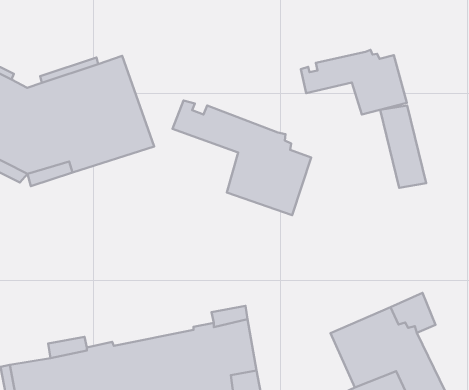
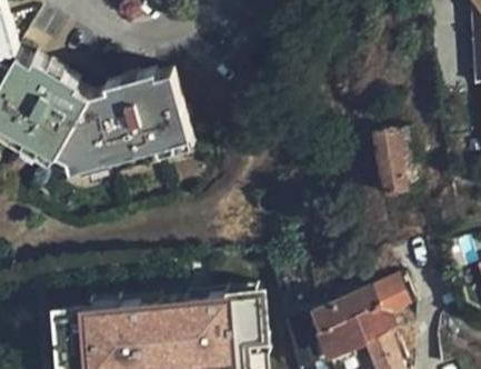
building: [301,50,407,115] -> none
building: [173,101,311,215] -> none

